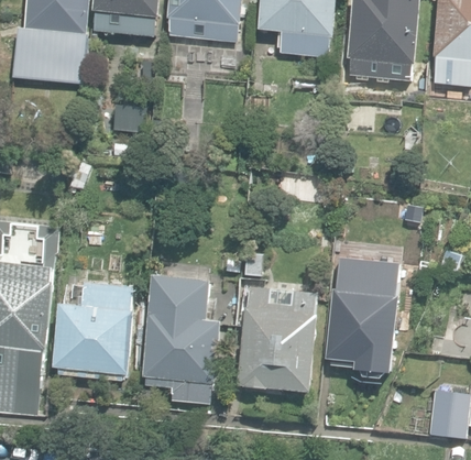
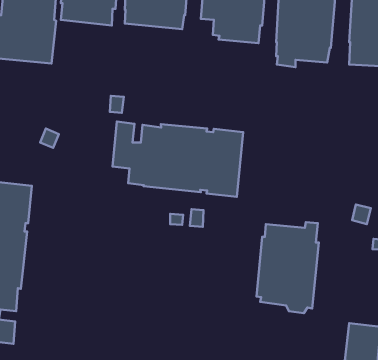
building: none -> [112,121,243,197]
building: [141,274,221,396] -> none
building: [54,282,135,380] -> none
building: [237,286,316,390] -> none

